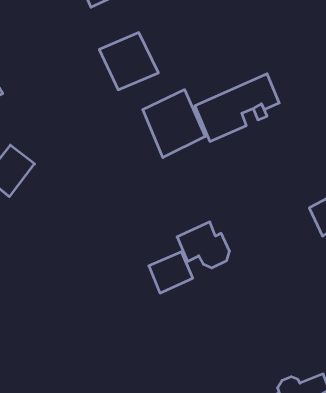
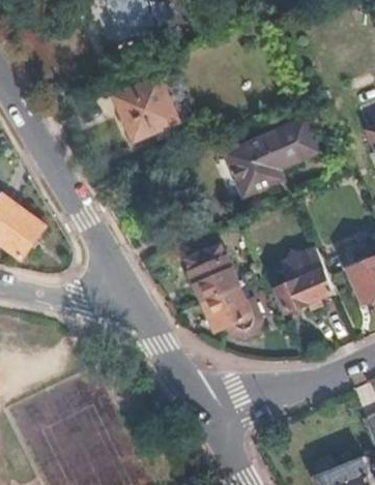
building: [143,90,205,158] -> none
building: none -> [273,248,334,311]
building: [149,252,193,293] -> [190,256,238,302]

